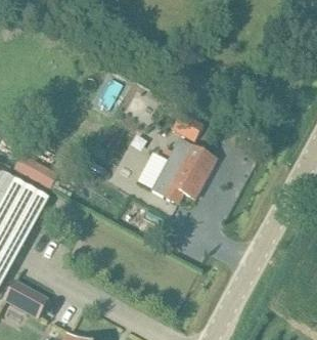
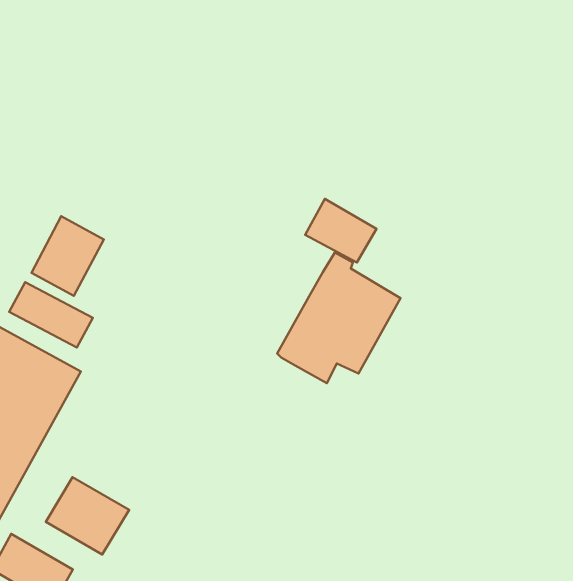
building: none -> [31,216,104,296]
building: none -> [46,477,129,555]

